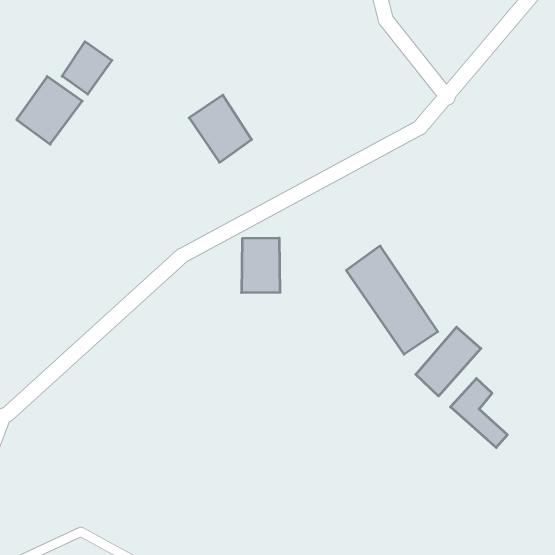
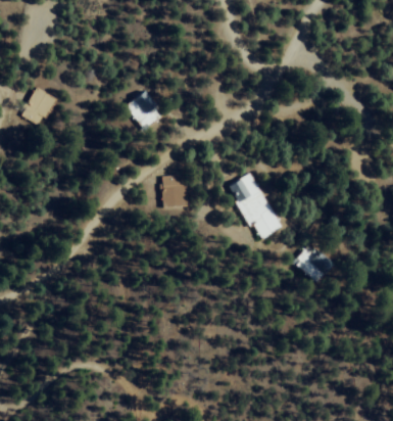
building: [62,42,112,94] -> none
building: [416,327,481,396] -> none

